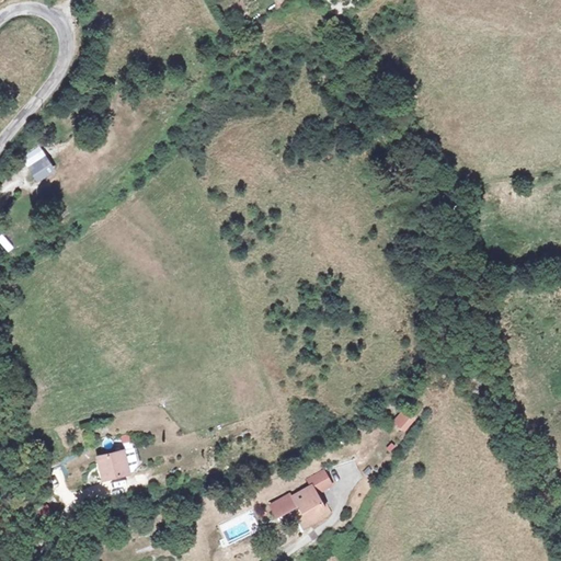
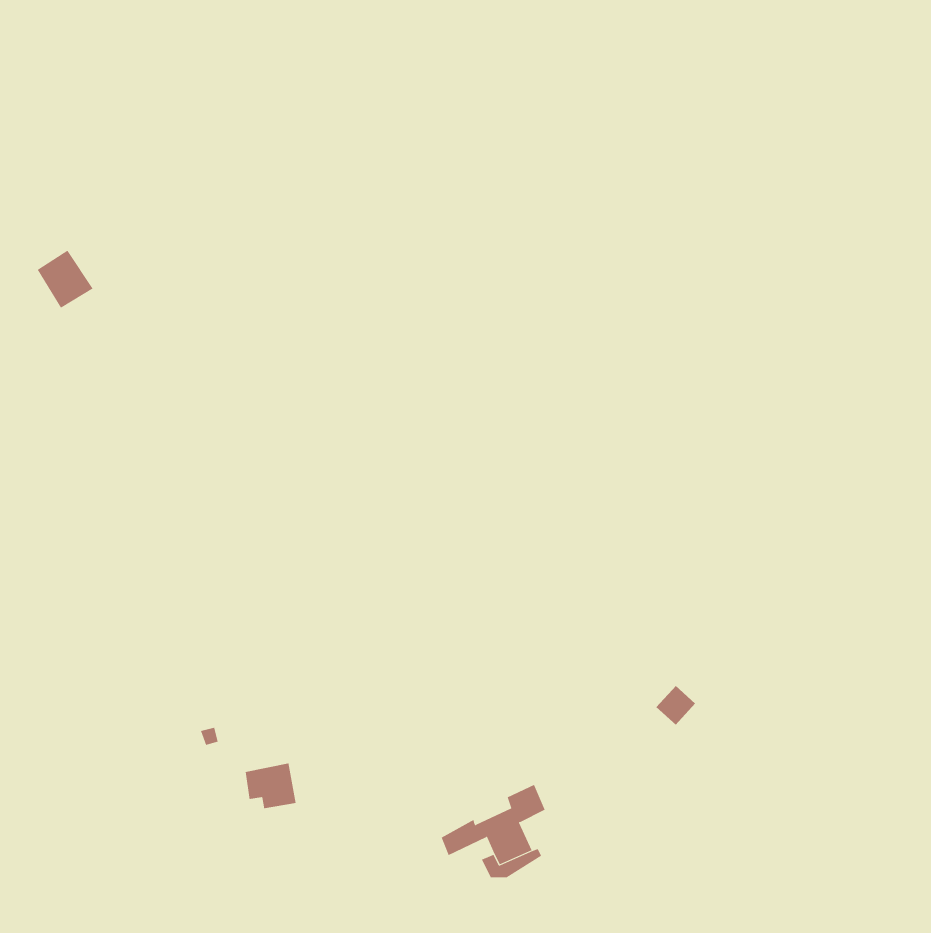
building: [98,450,128,478] -> [245,763,296,809]

